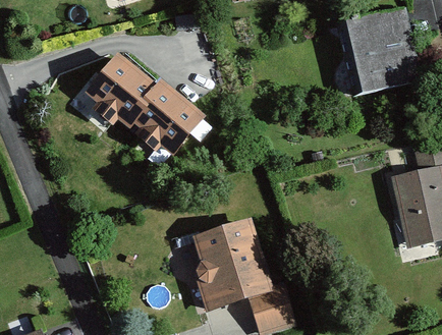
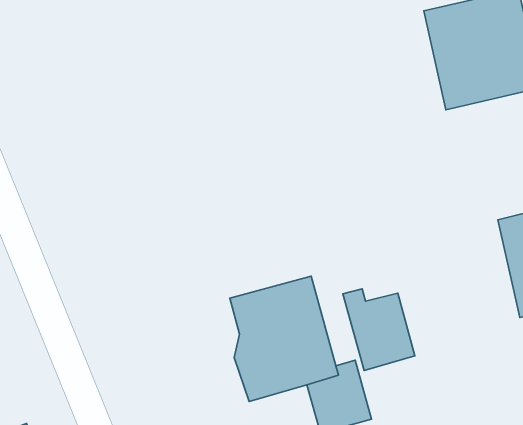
building: [85,52,203,158] -> none
building: none -> [343,289,415,370]

